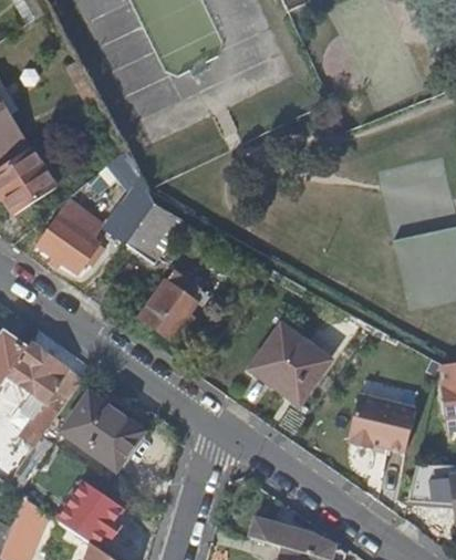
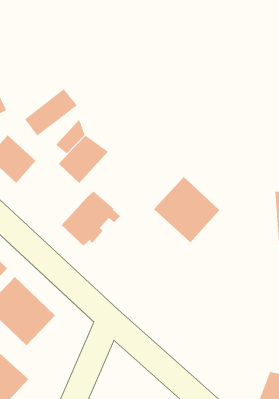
building: [250,322,332,403] -> [153,176,220,243]
building: [346,395,415,453] -> none

